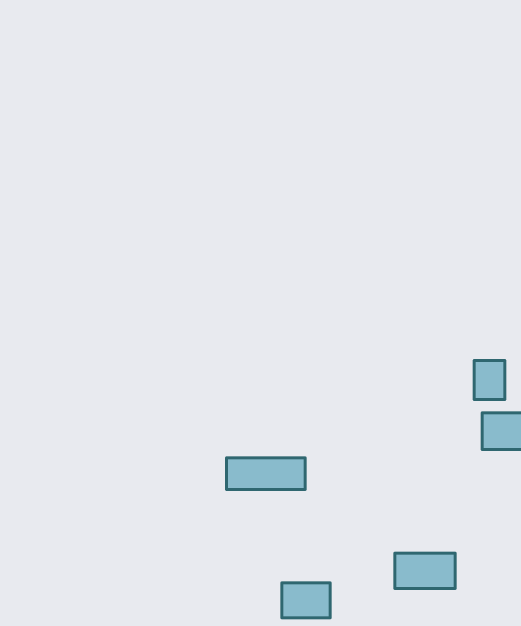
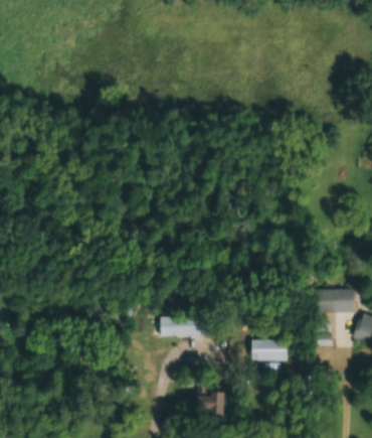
building: [474,360,505,399] -> none
building: [395,553,455,588] -> [250,339,287,360]

